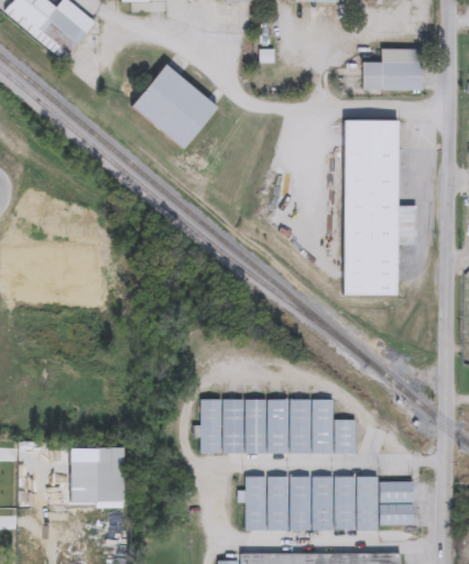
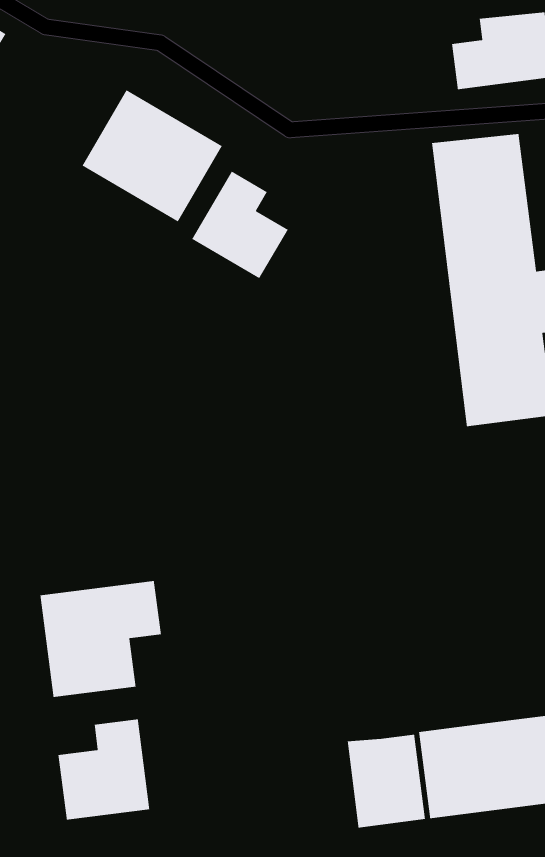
building: none -> [191,171,289,279]
building: none -> [40,580,162,698]
building: [201,399,356,453] -> none

